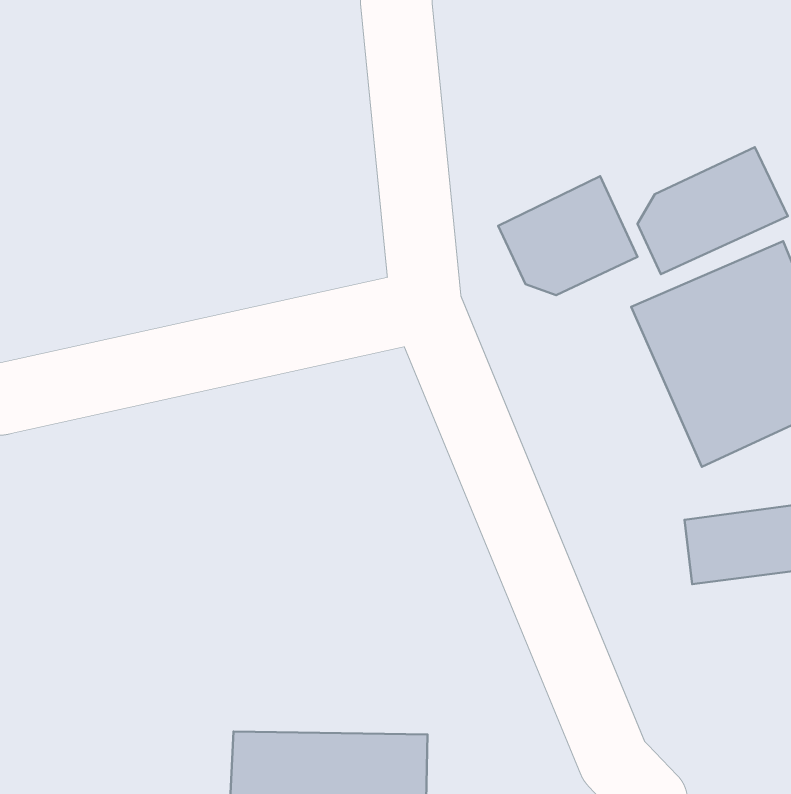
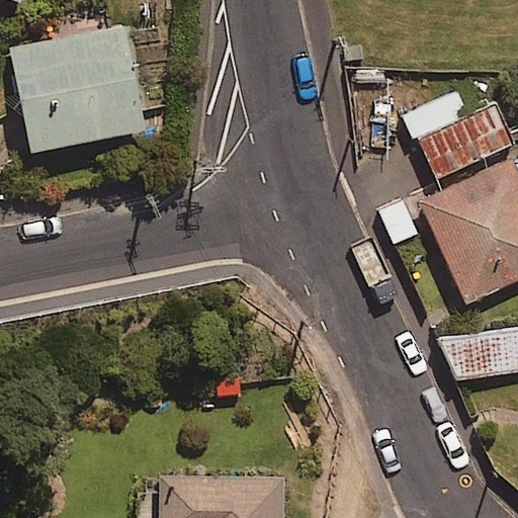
building: none -> [17,26,149,147]
building: [498,176,638,295] -> none

